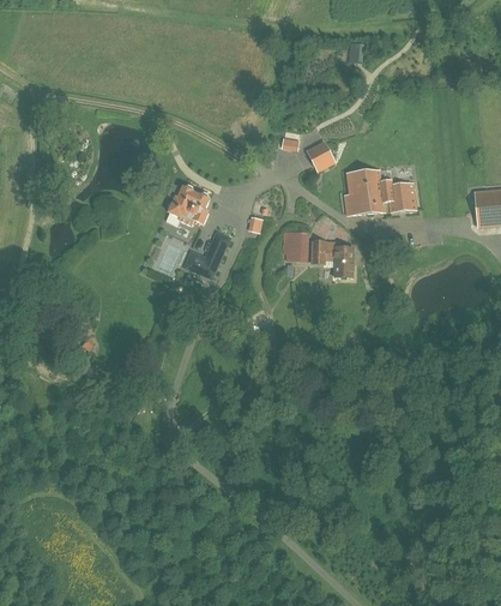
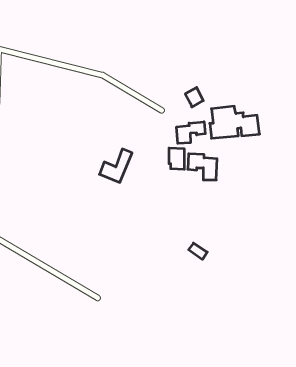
building: [164,182,210,226] -> none
building: none -> [177,122,205,143]

